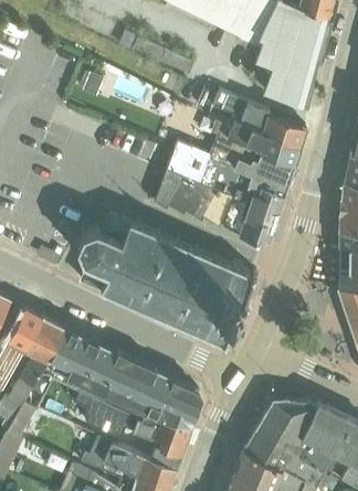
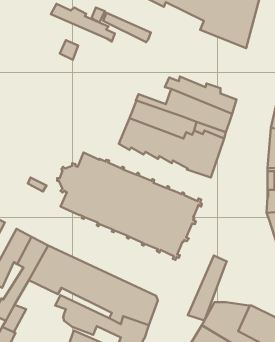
building: none -> [51,4,115,41]
building: [251,61,313,108] -> none
building: [213,92,306,148] -> none
building: none -> [188,256,227,321]

